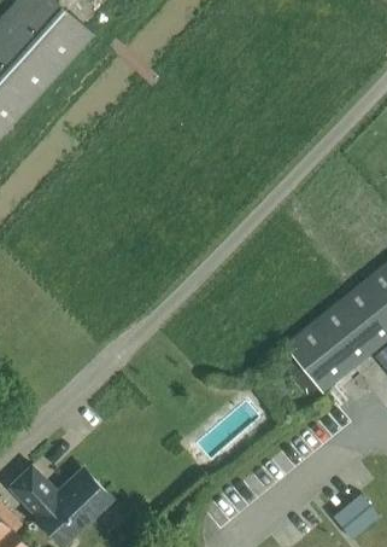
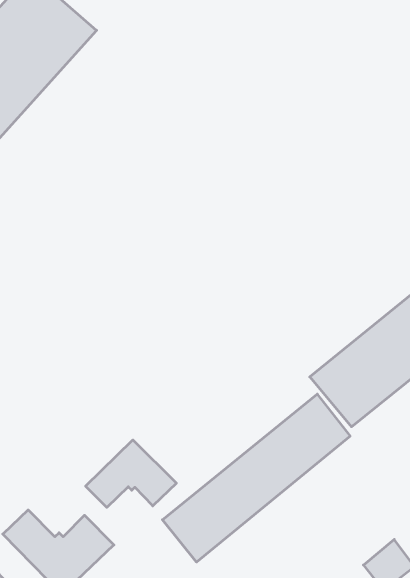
building: none -> [162,394,350,562]
building: none -> [86,440,176,507]

